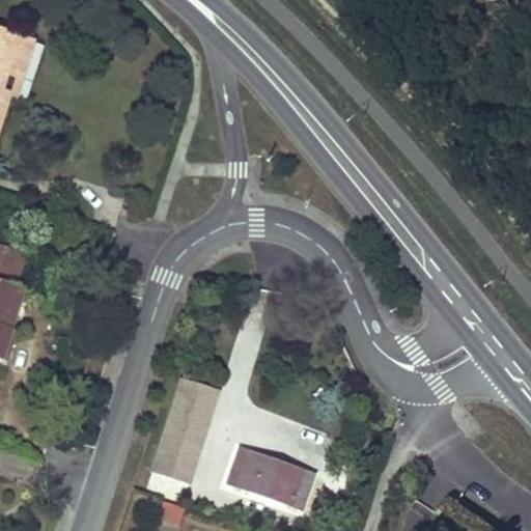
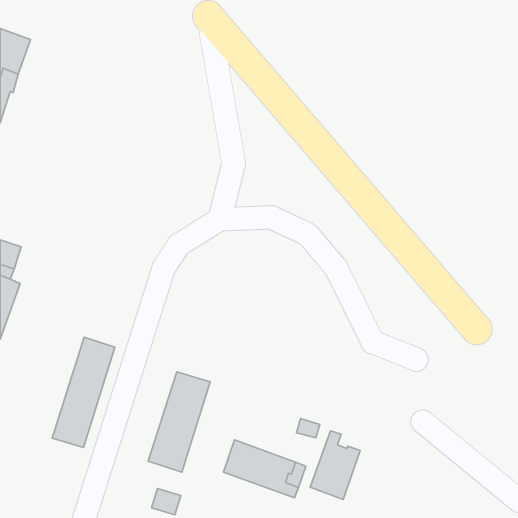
building: none -> [52,337,115,447]
building: none -> [310,431,360,499]

